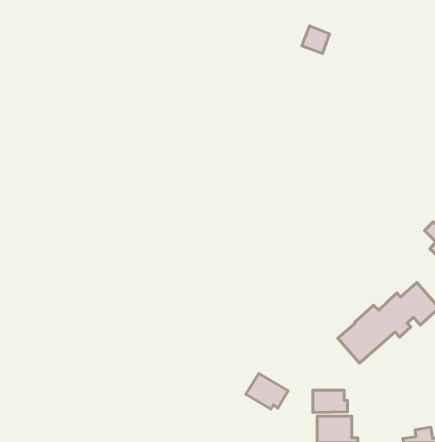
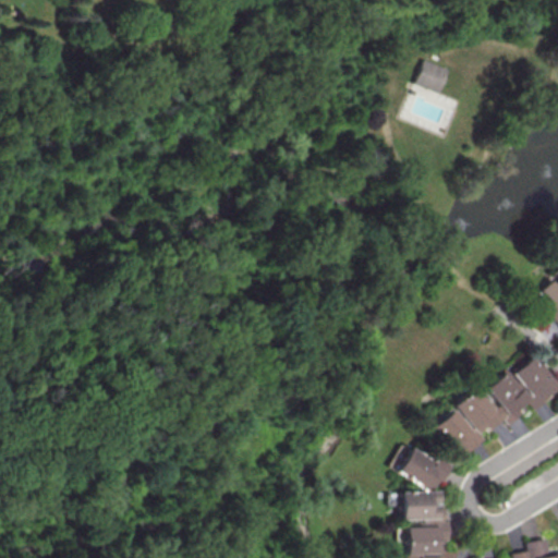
building: [302,26,330,54] -> [417,59,452,94]
building: [246,373,288,409] -> [397,446,450,490]

